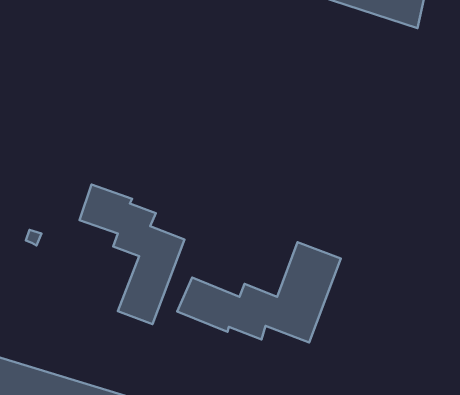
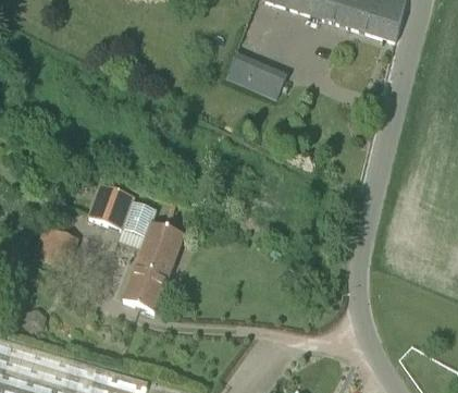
building: none -> [222,51,286,98]
building: [177,242,341,343] -> none

